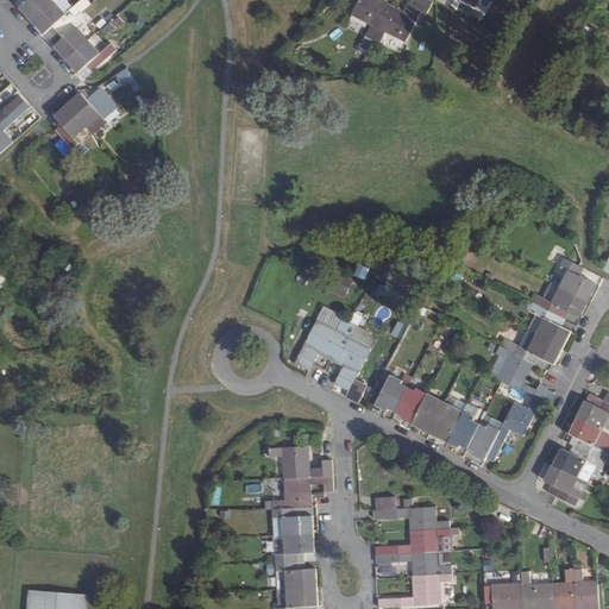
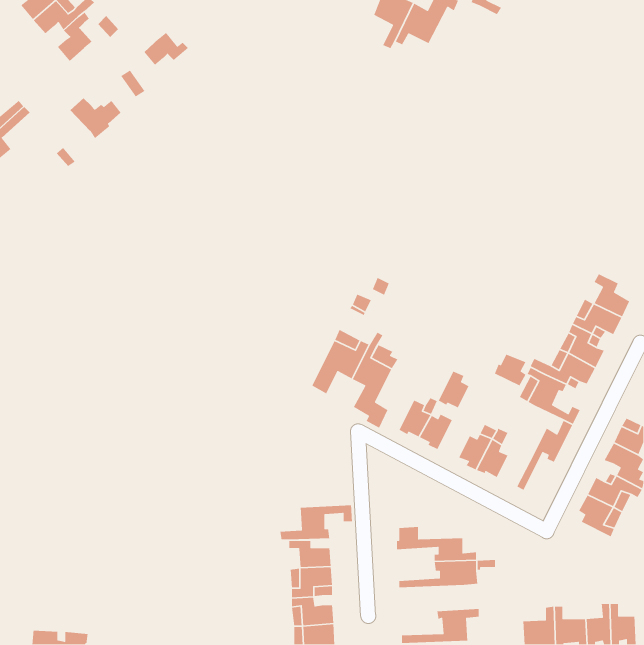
building: [65,39,108,71] -> [143,32,189,66]
building: [54,103,84,146] -> none
building: none -> [494,353,526,387]
building: [412,395,441,431] -> [438,371,469,408]
building: [467,420,502,460] -> none
building: [268,444,331,477] -> none
building: [375,551,451,575] -> none

